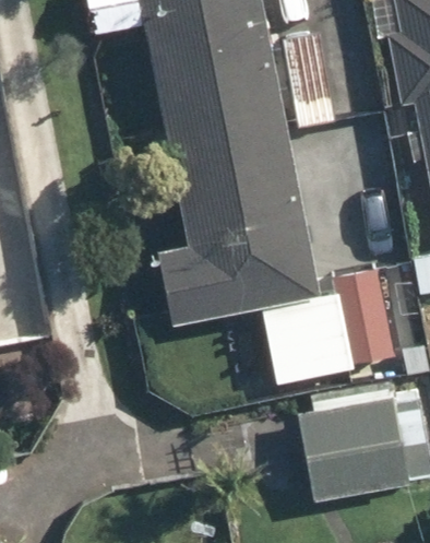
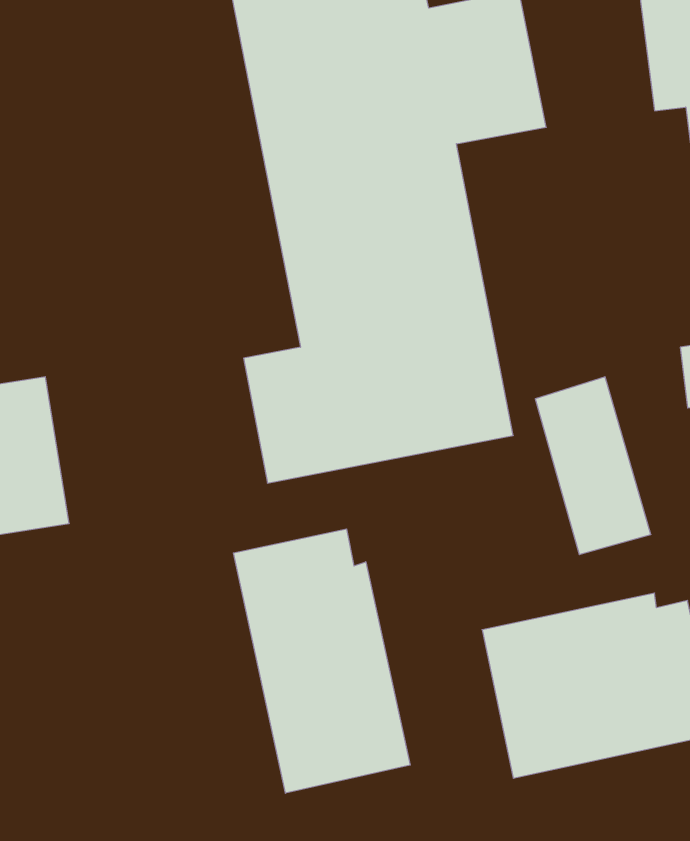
building: none -> [233,529,410,793]

